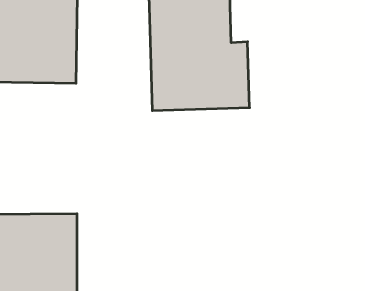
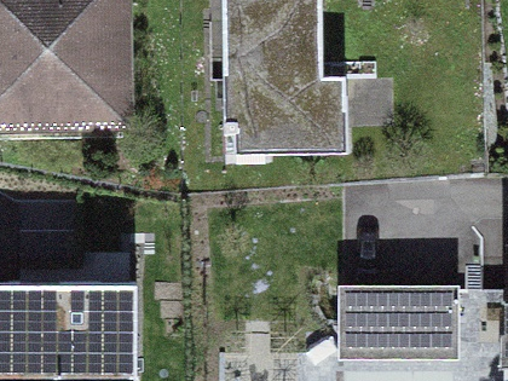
building: none -> [342,288,460,359]

